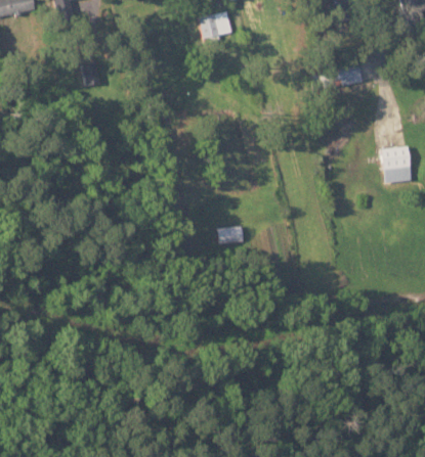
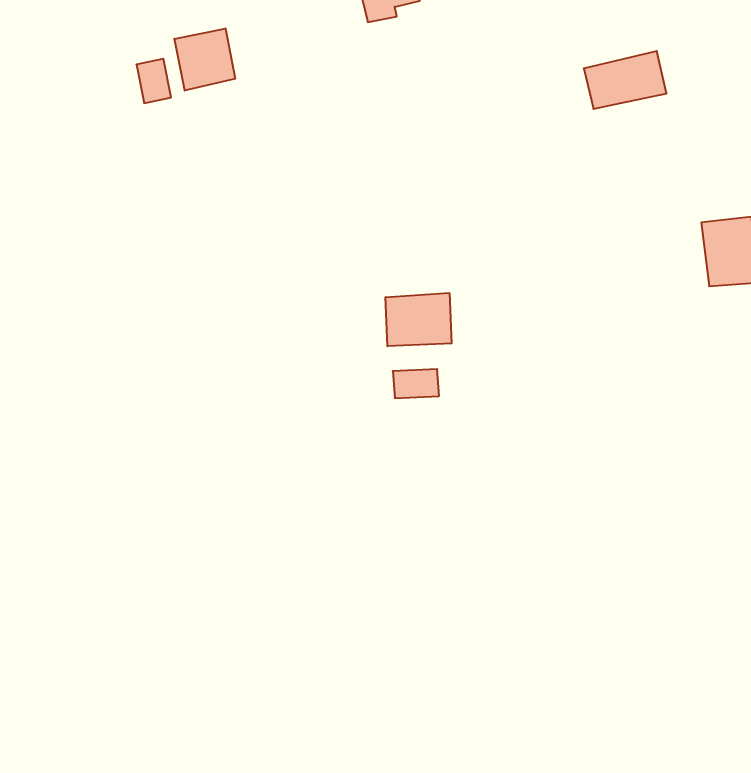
building: none -> [174,28,235,91]
building: none -> [386,293,452,346]

